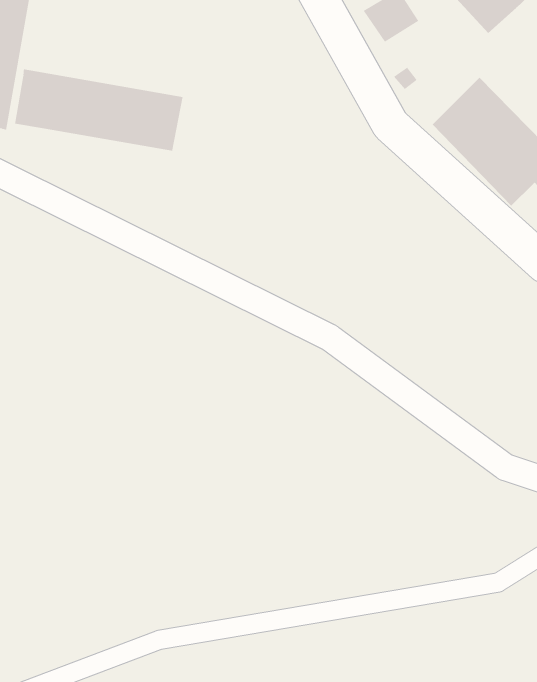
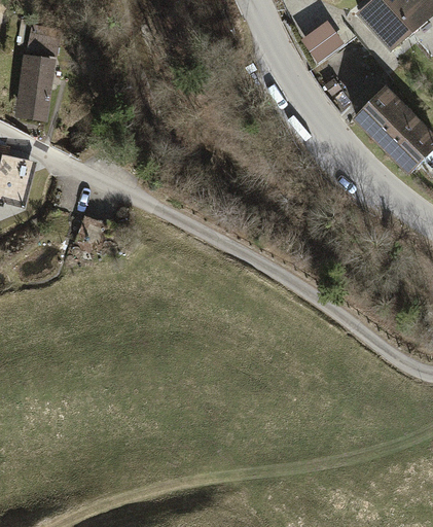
building: [15,69,183,151] -> none

